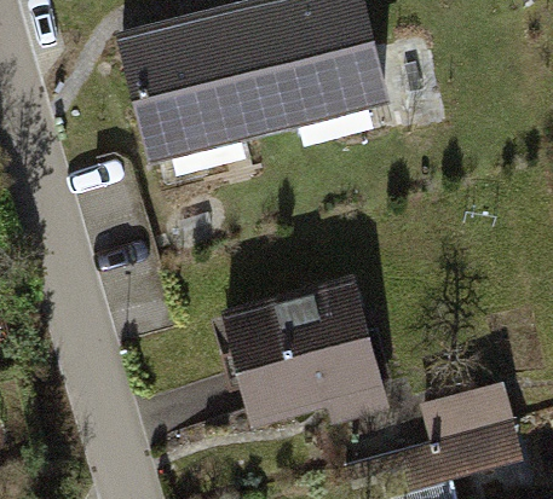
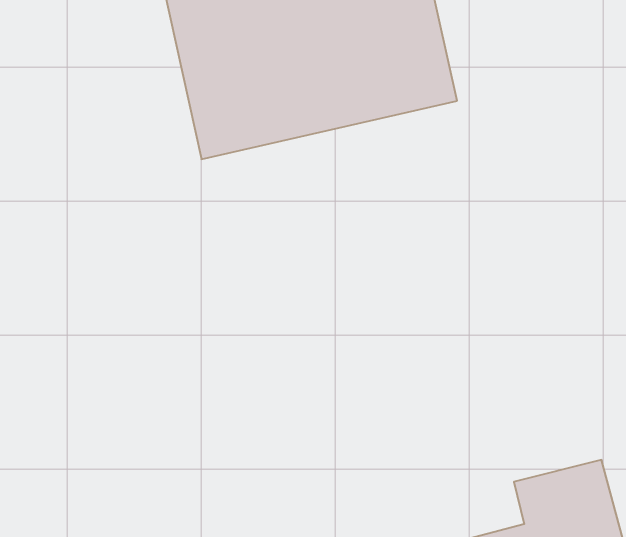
building: [227,292,378,445] -> none

